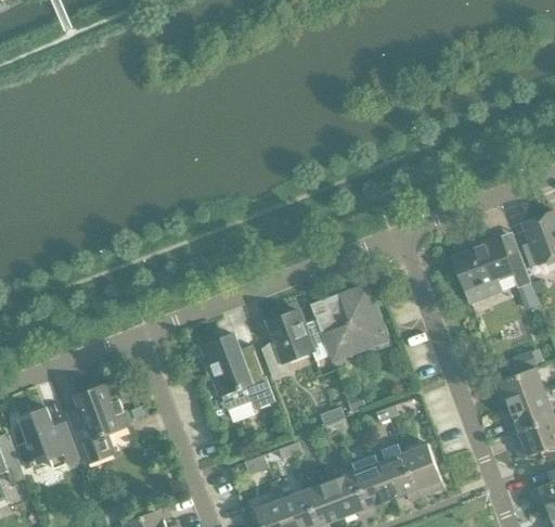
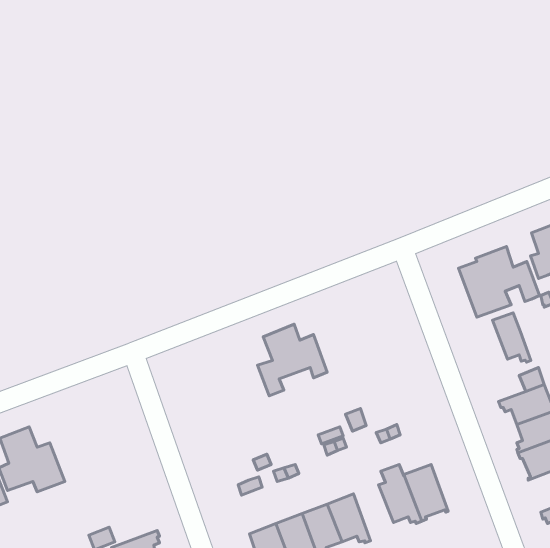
building: [314,283,388,364] -> none
building: none -> [493,313,531,362]
building: [201,334,273,410] -> none
building: [68,382,128,462] -> none
building: [350,453,391,515] -> none

